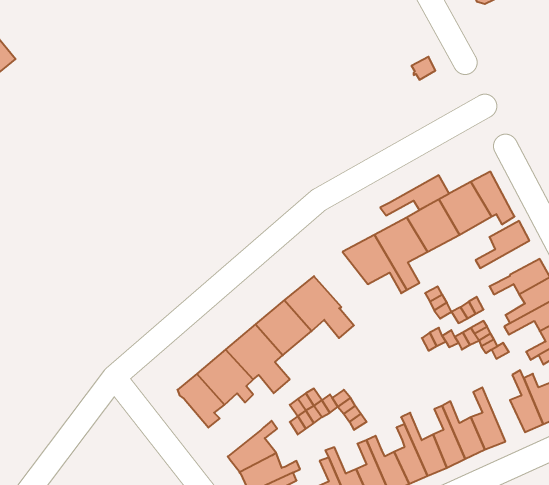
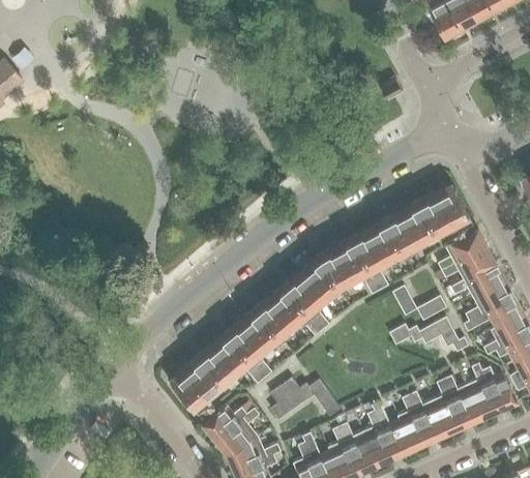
building: [380,175,449,215] -> [434,246,496,282]
building: none -> [292,257,341,306]
building: none -> [444,376,482,427]
building: none -> [201,405,246,441]

